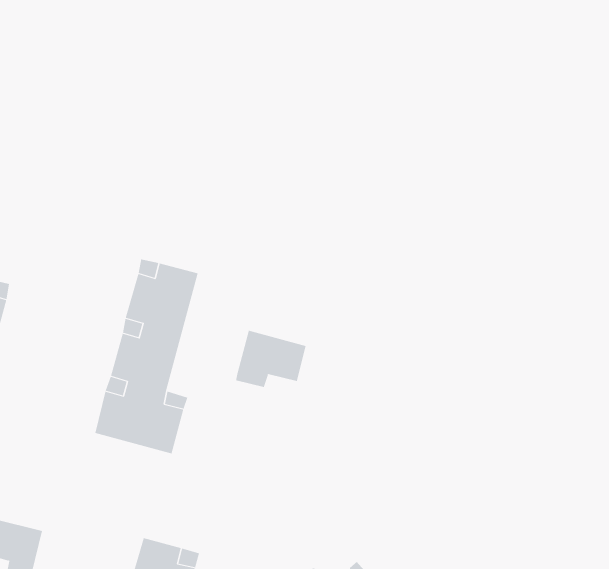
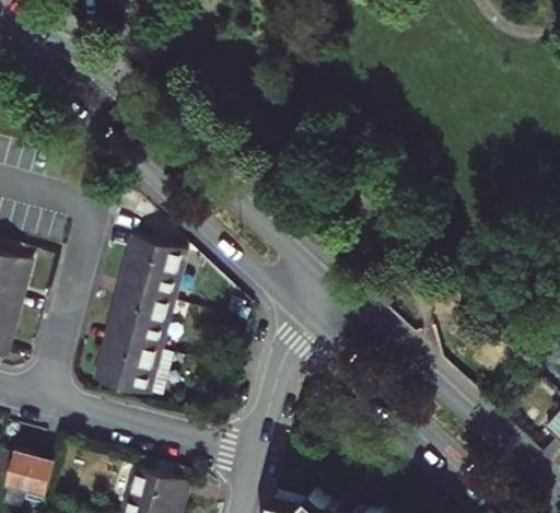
building: [236,330,306,388] -> none

